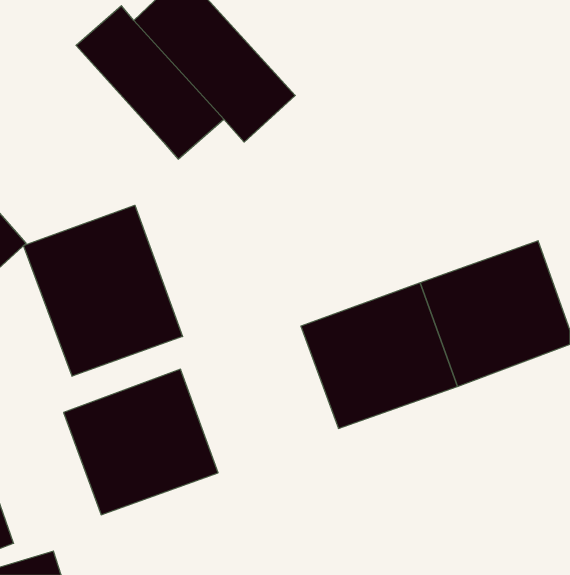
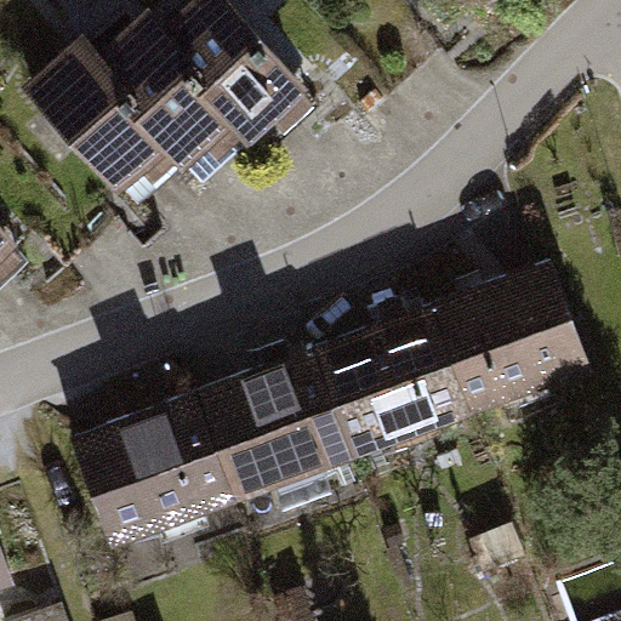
building: none -> [6,29,175,186]
building: [24,205,183,376] -> none
building: none -> [193,348,361,505]

